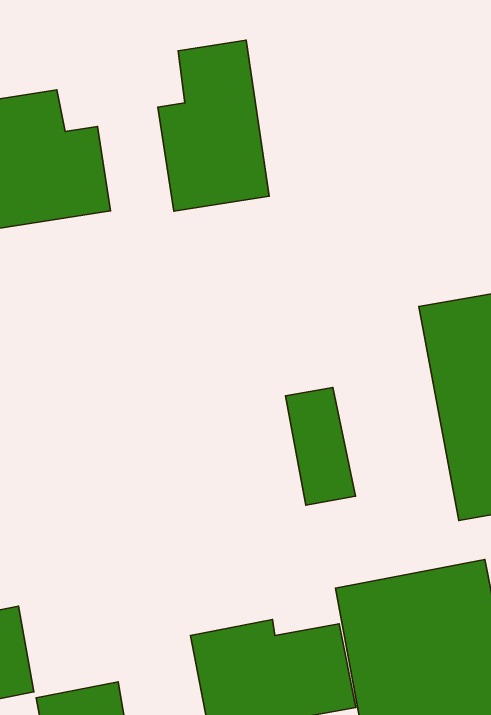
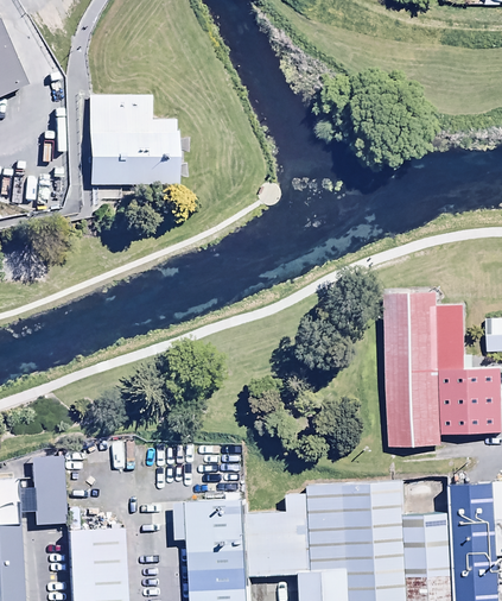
building: [158,40,269,211] -> none
building: [285,387,355,505] -> none

